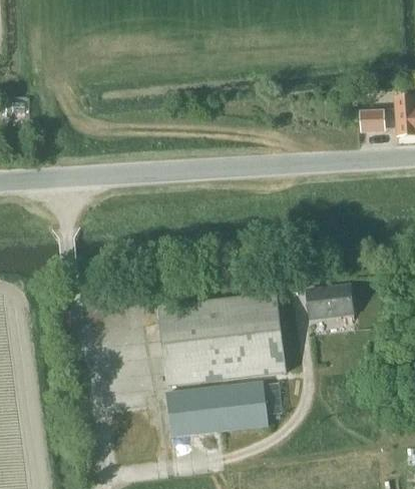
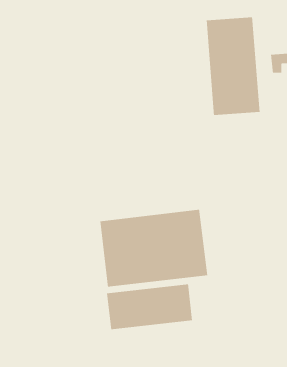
building: none -> [206,16,260,116]
building: [306,284,353,317] -> none

